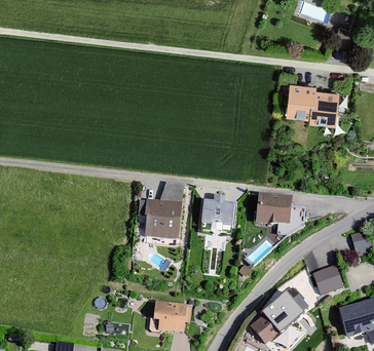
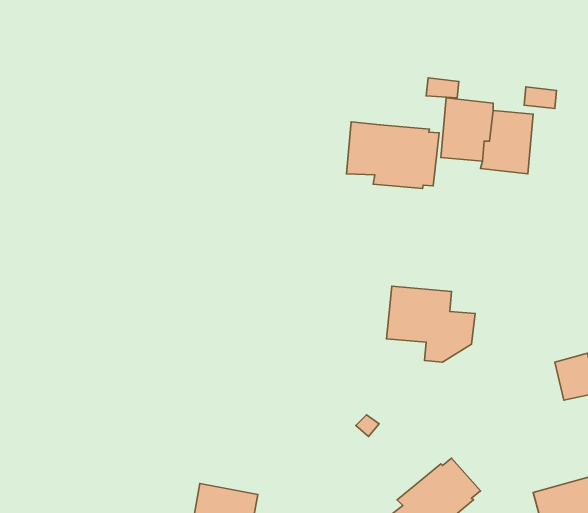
building: none -> [347,122,439,188]
building: [139,181,184,245] -> none
building: [201,193,234,234] -> none
building: [313,264,344,295] -> none

